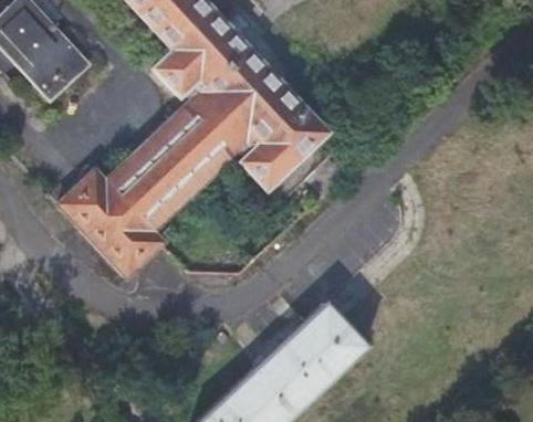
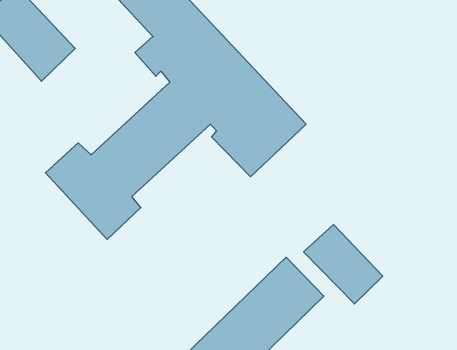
building: none -> [304,224,383,304]

